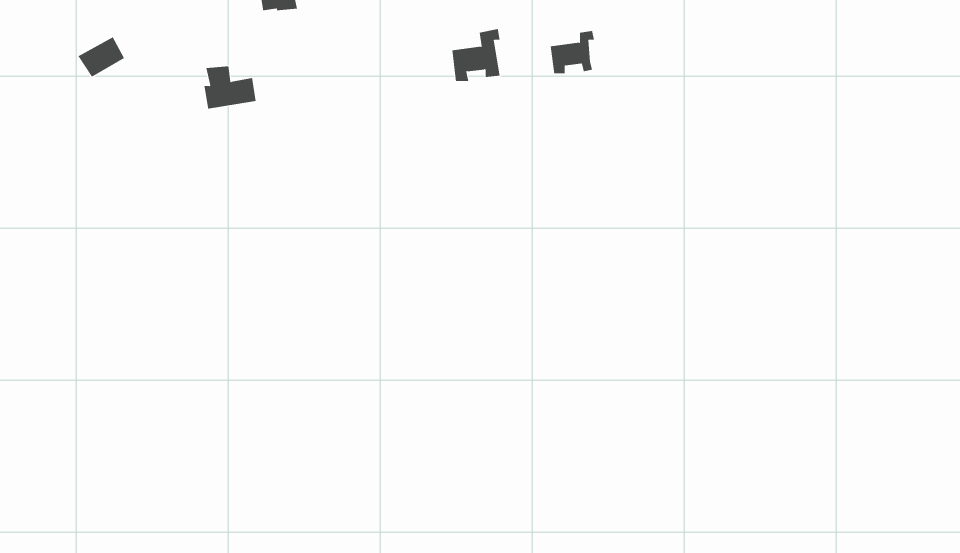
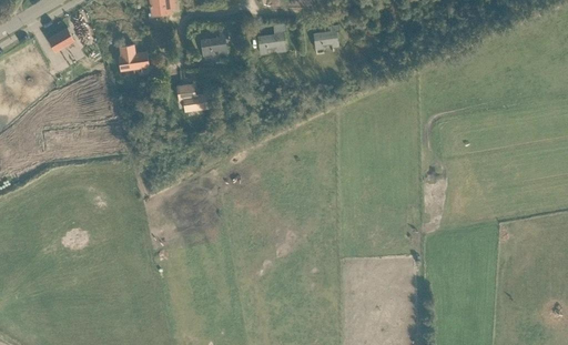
building: none -> [202,32,230,61]
building: none -> [179,87,207,113]

